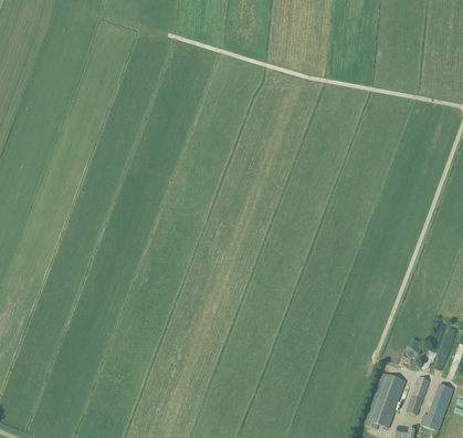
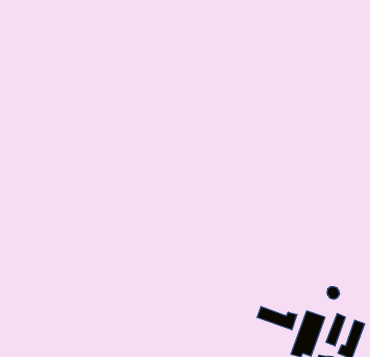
building: none -> [257,306,297,330]

